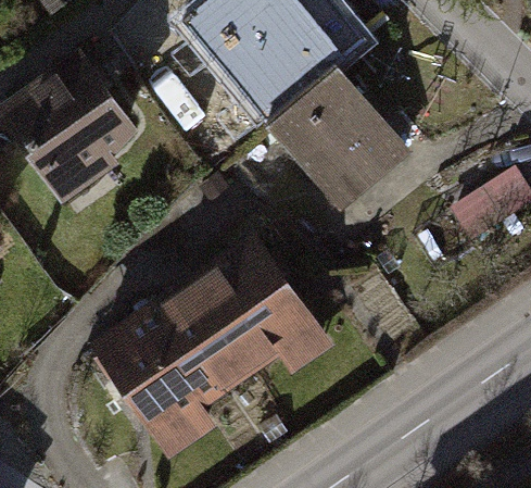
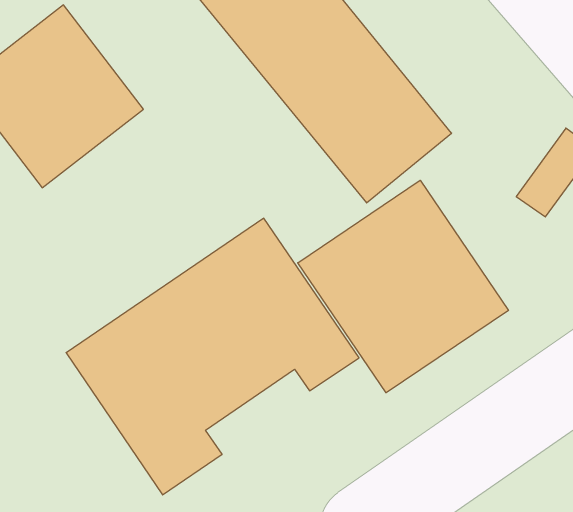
building: none -> [298,180,508,393]

